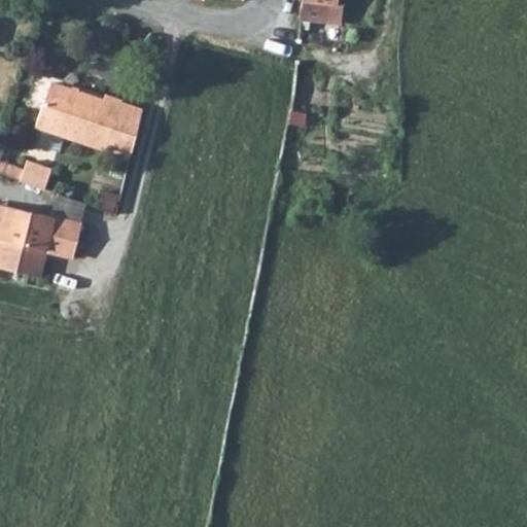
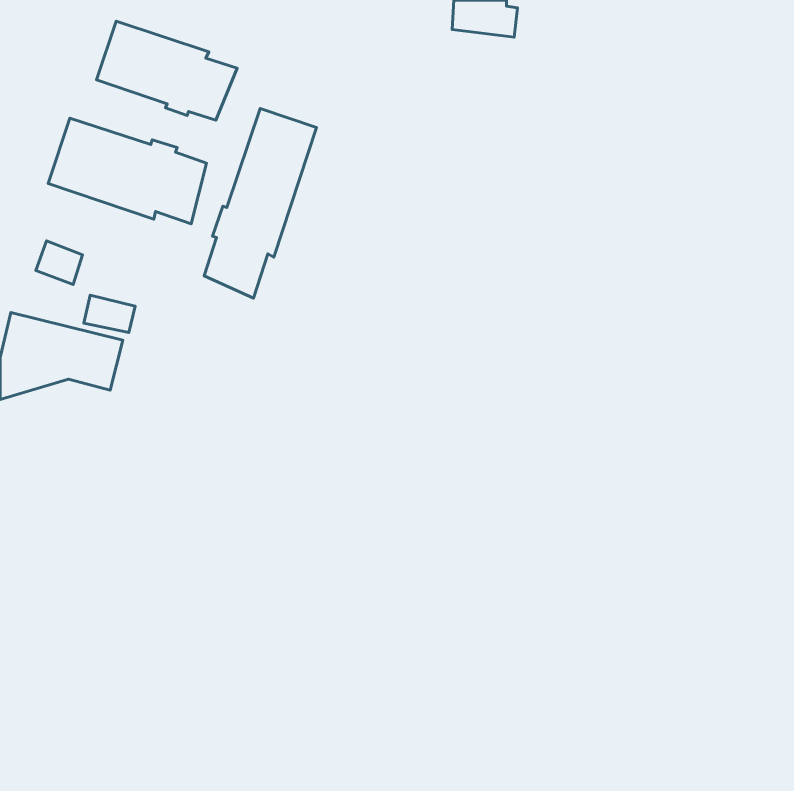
building: none -> [97,21,237,120]
building: none -> [204,109,317,298]

